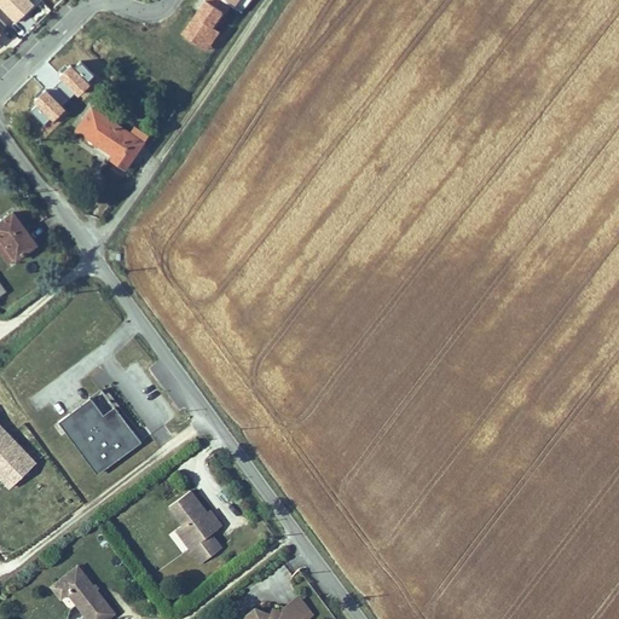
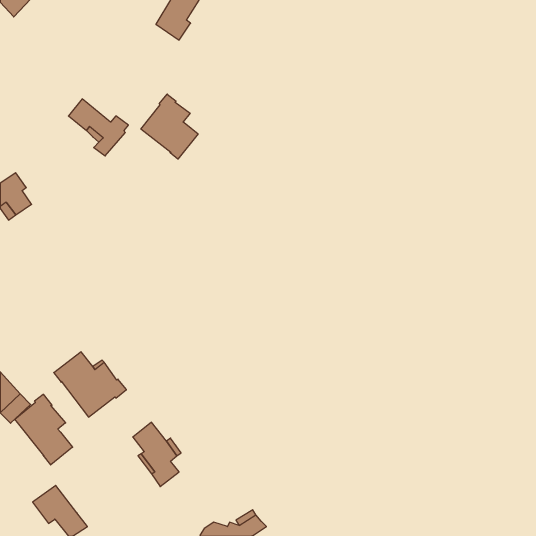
building: [30,57,99,123] -> none
building: none -> [141,94,198,159]
building: none -> [15,394,73,465]

